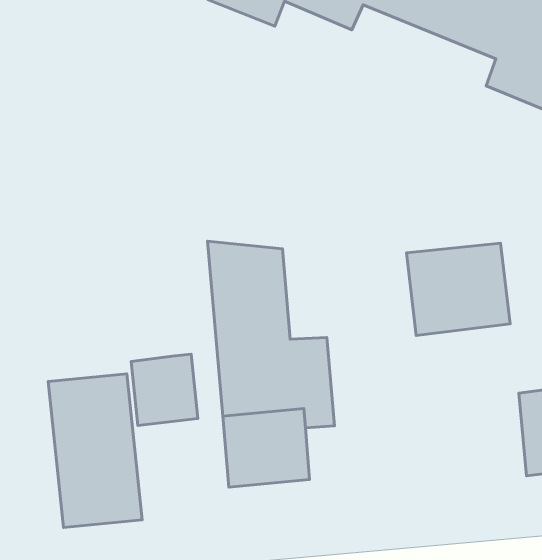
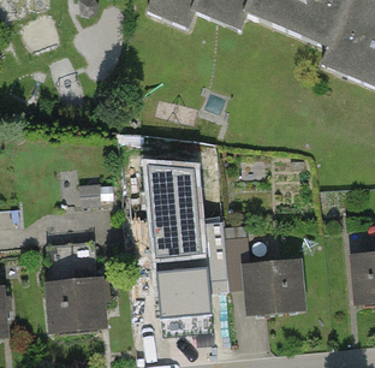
building: [406,243,510,335] -> [233,259,298,316]
building: [131,354,198,426] -> none

